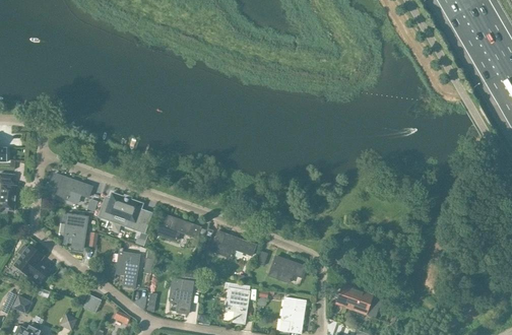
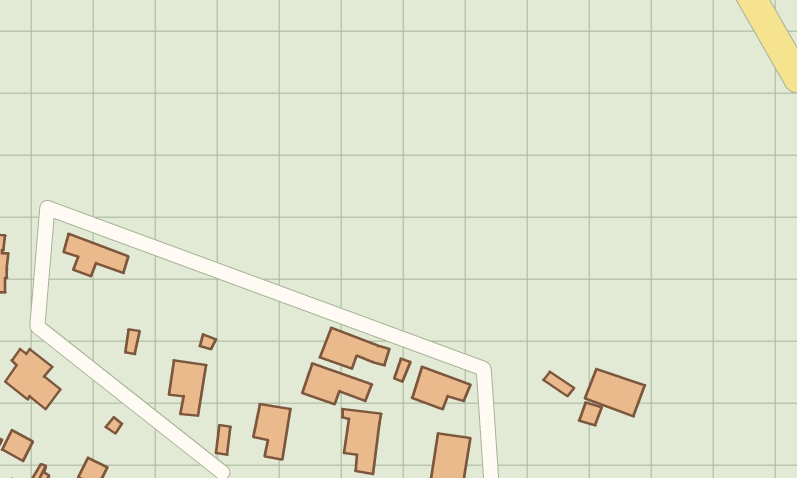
building: [99,193,144,229] -> none
building: [65,213,88,249] -> none
building: [156,214,200,240] -> [302,364,372,404]
building: [335,284,373,314] -> [585,369,645,416]

